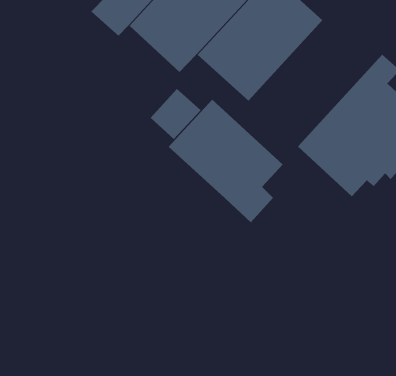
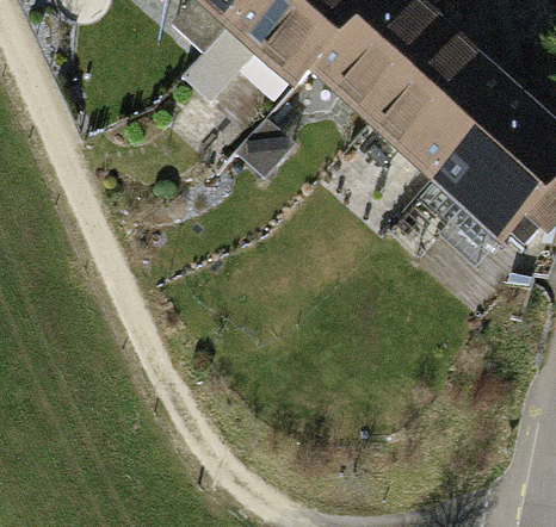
building: none -> [364,31,531,188]
building: [168,99,284,223] -> none

